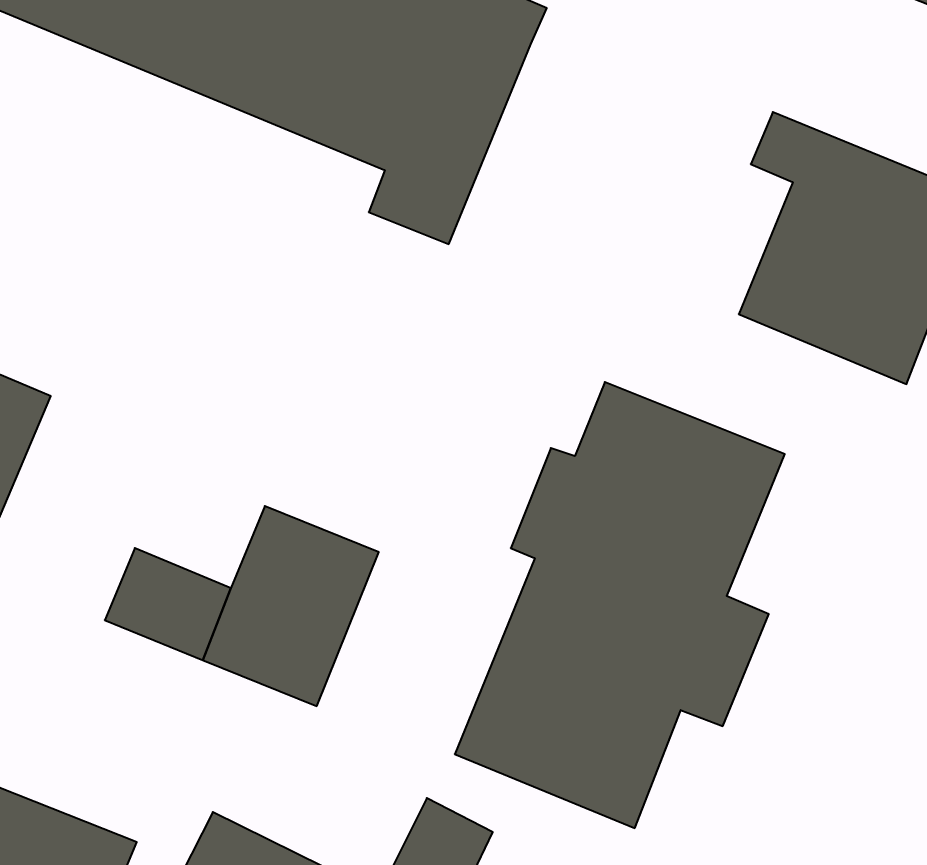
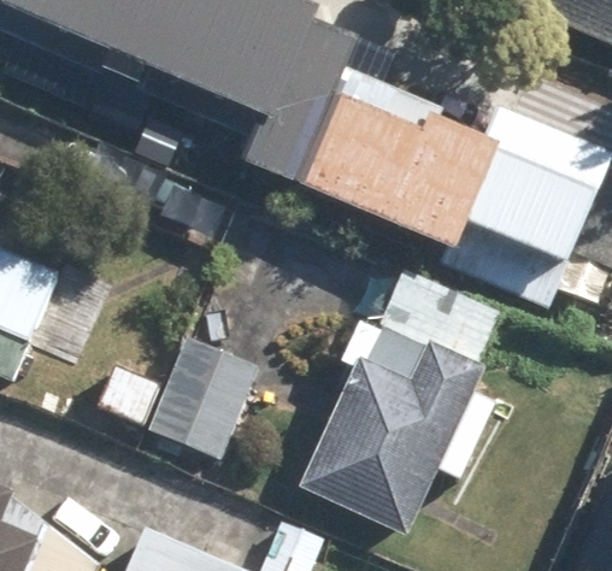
building: none -> [298,63,505,251]

